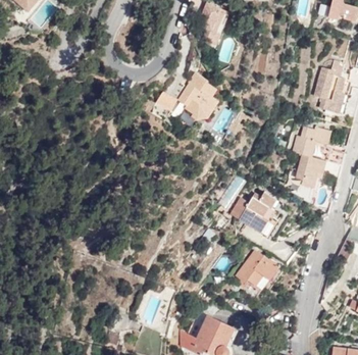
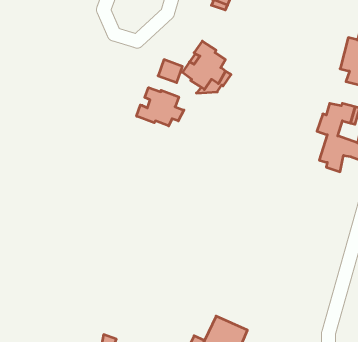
building: none -> [137,88,184,126]
building: [228,191,280,236] -> none
building: [235,249,278,289] -> none

